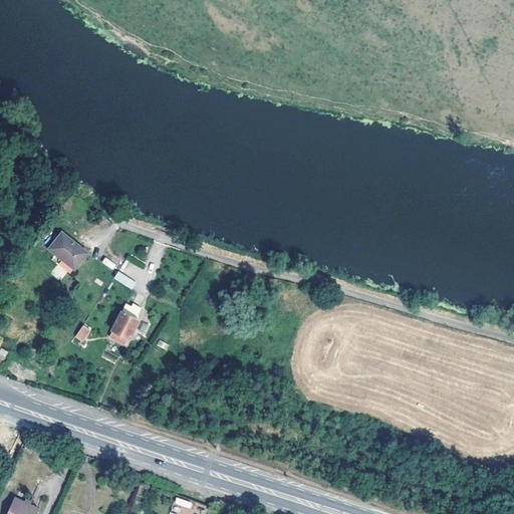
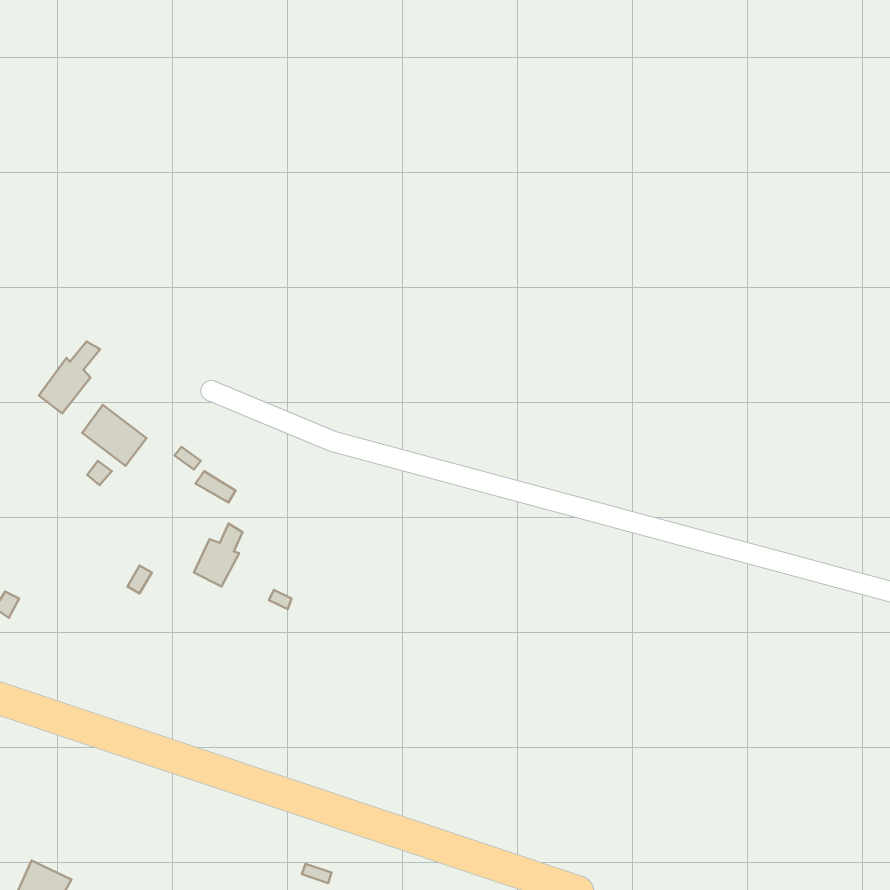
building: none -> [39,341,100,413]

